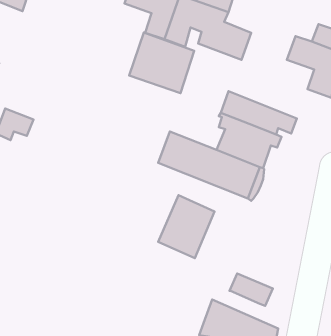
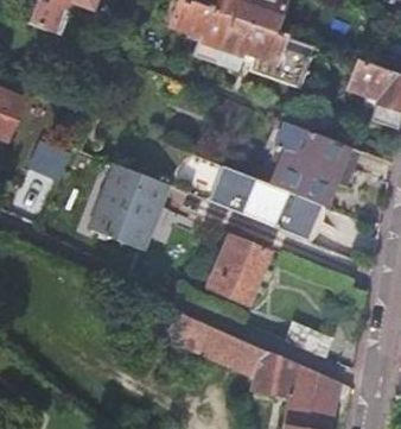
building: [129,32,194,93] -> none
building: none -> [90,165,168,252]
building: none -> [166,314,267,377]

